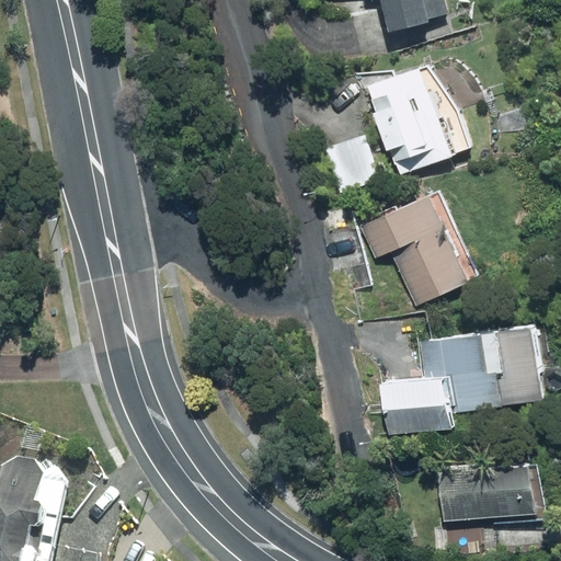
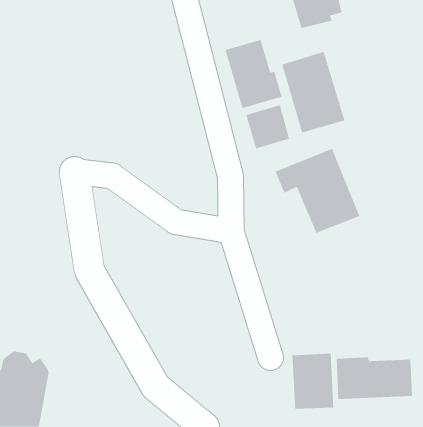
building: none -> [225,39,282,109]
building: [379,323,543,432] -> none
building: none -> [292,353,334,410]

